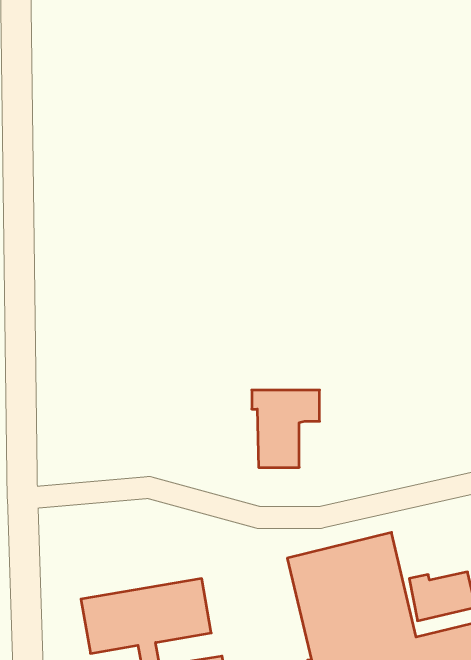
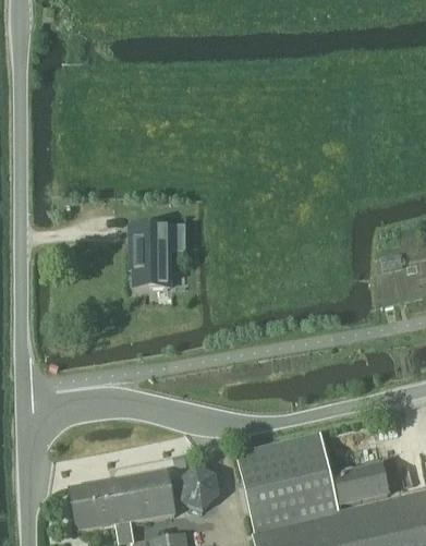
building: [252,390,320,467] -> [131,225,185,287]
building: none -> [179,465,220,510]

